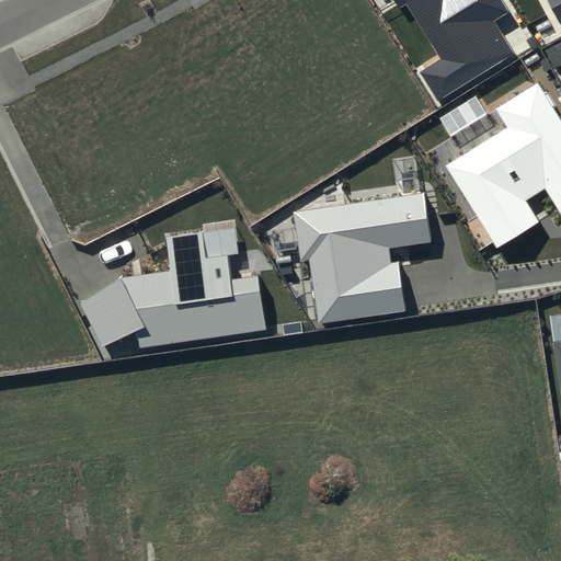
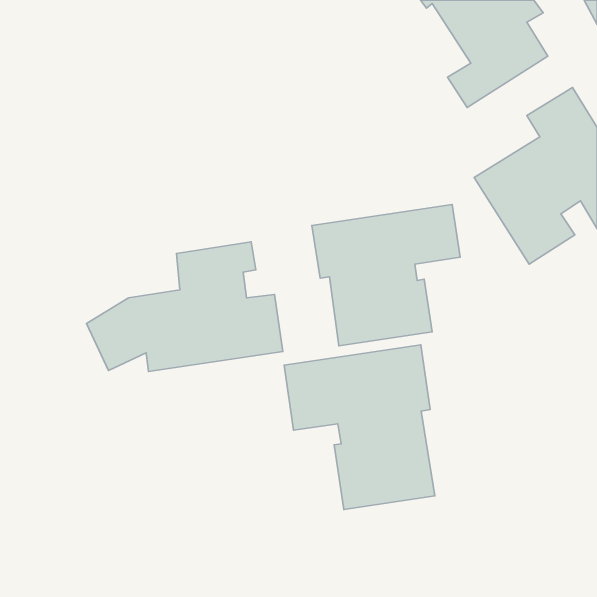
building: none -> [284,345,435,510]

